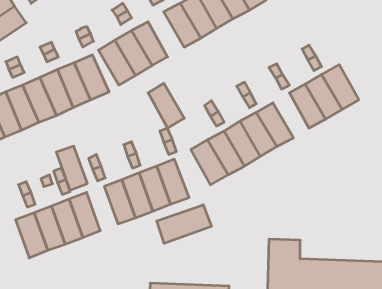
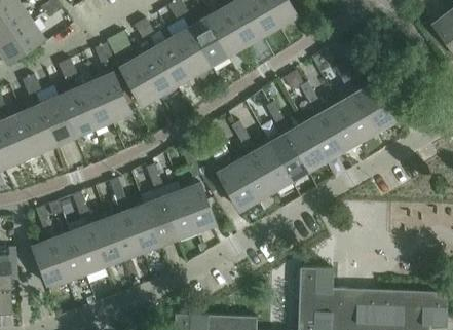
building: [148,83,184,128] -> [172,28,210,75]
building: none -> [303,113,341,160]
building: [56,146,87,190] -> [107,212,140,258]
building: [157,205,211,243] -> none

